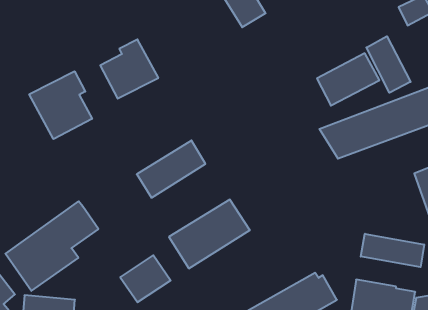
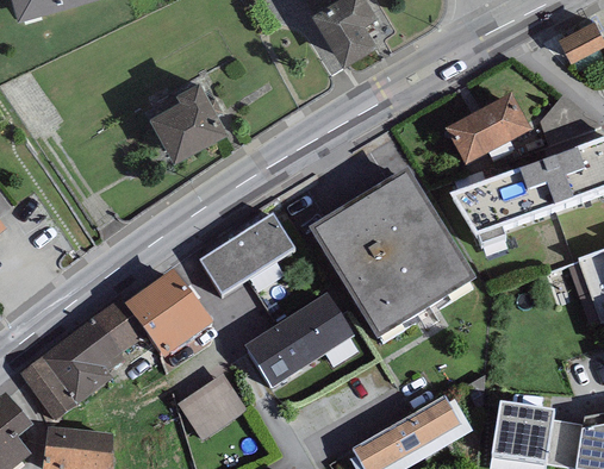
building: [366,36,411,93] -> none
building: [29,71,92,139] -> none
building: none -> [309,170,475,342]
building: none -> [125,270,212,358]
building: [361,234,424,267] -> none

